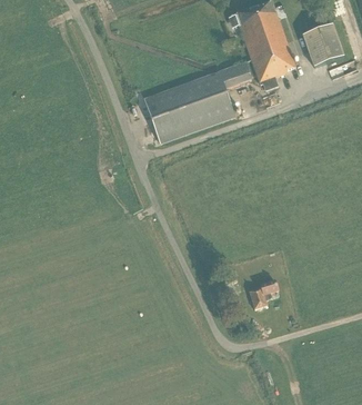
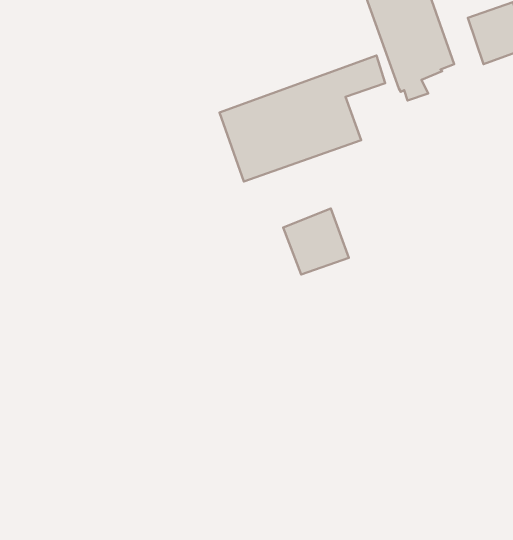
building: none -> [283,208,349,275]
building: [249,280,279,308] -> none

